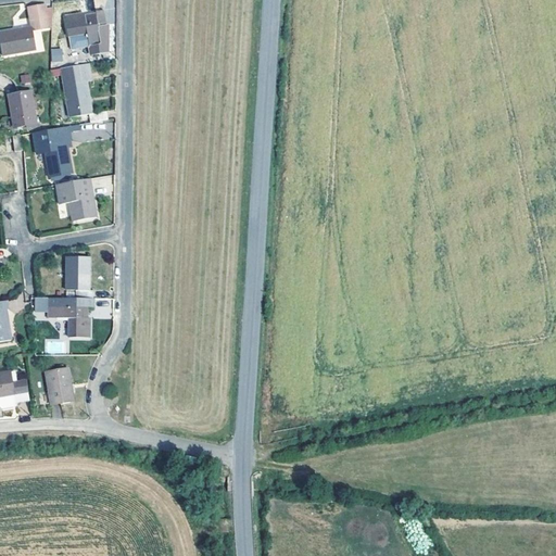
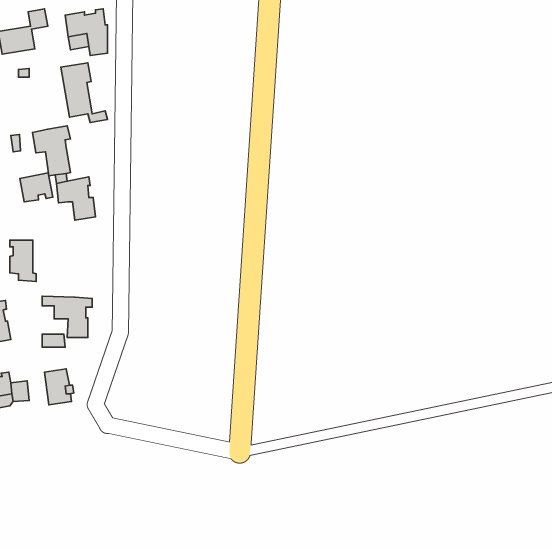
building: [8,91,36,127] -> none
building: none -> [20,173,53,202]
building: [66,257,92,299] -> [10,240,36,281]

